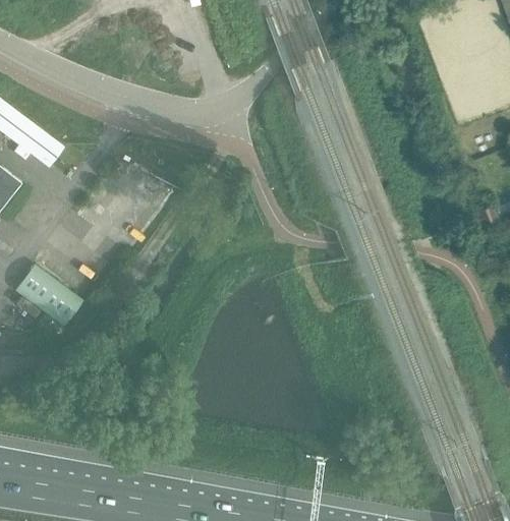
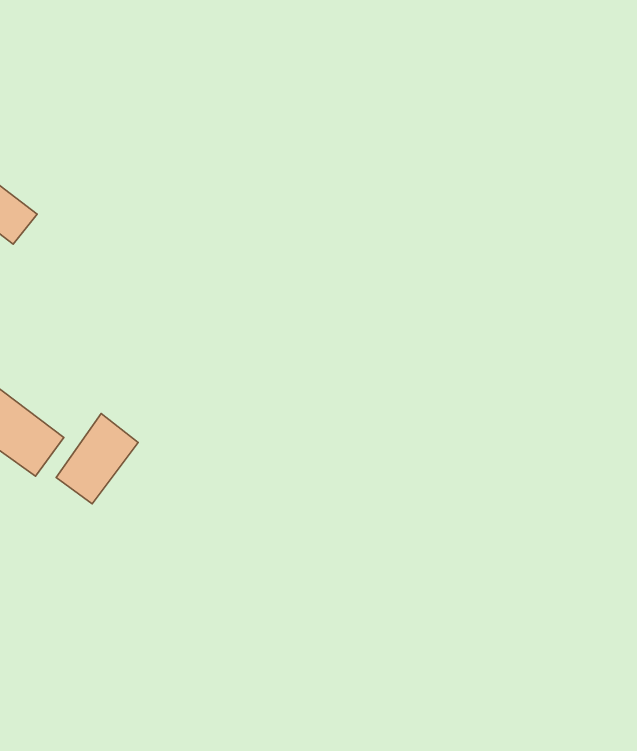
building: none -> [56,414,138,504]

